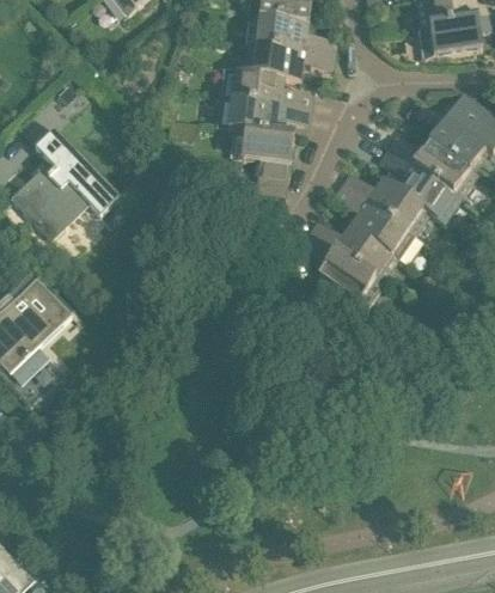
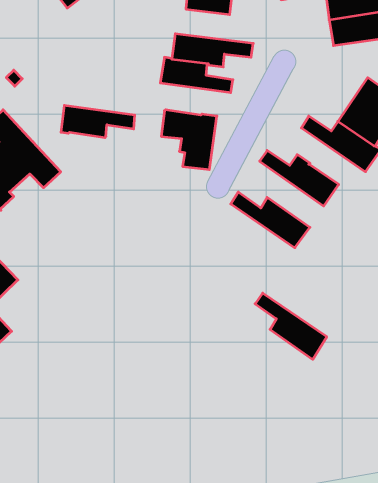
building: [245,11,334,51] -> none
building: [225,96,307,132] -> [61,105,135,138]
building: [378,146,458,220] -> none
building: [331,183,411,257] -> none
building: [299,231,379,305] -> [255,293,327,359]

